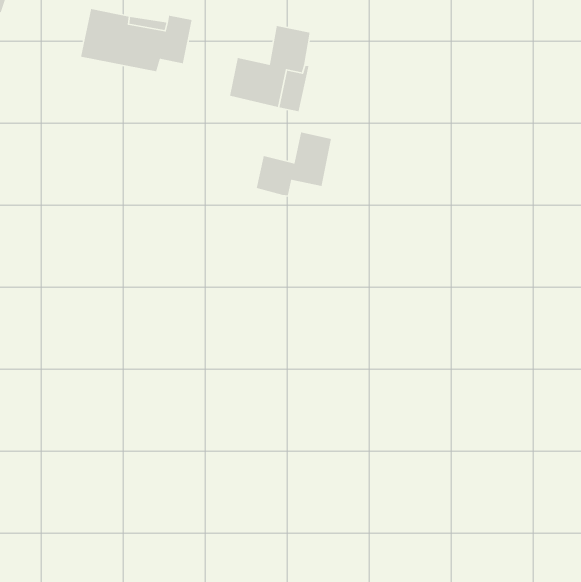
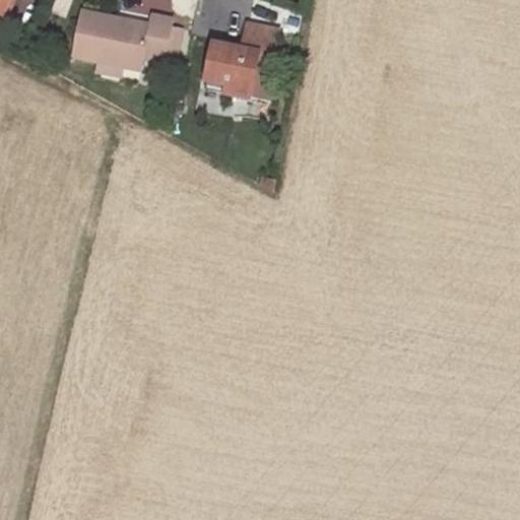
building: [256,132,332,196] -> none

